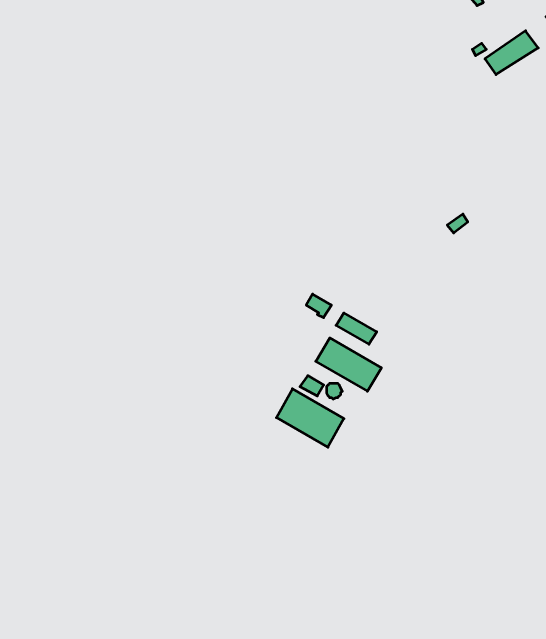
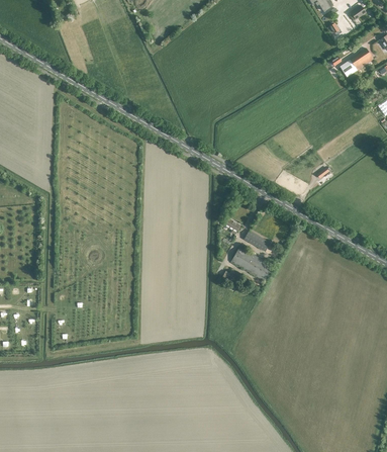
building: [276,389,344,447] -> none

